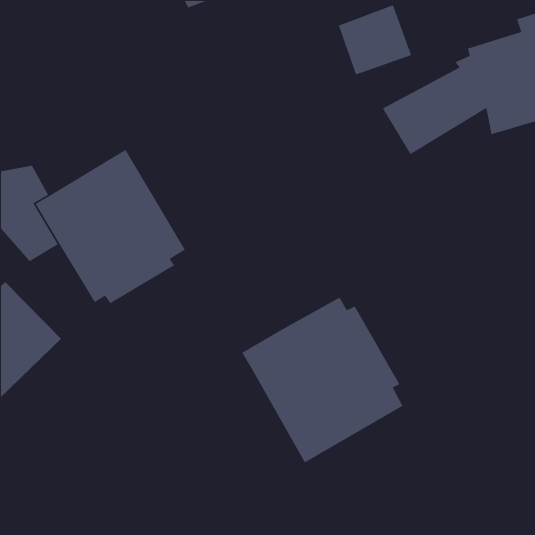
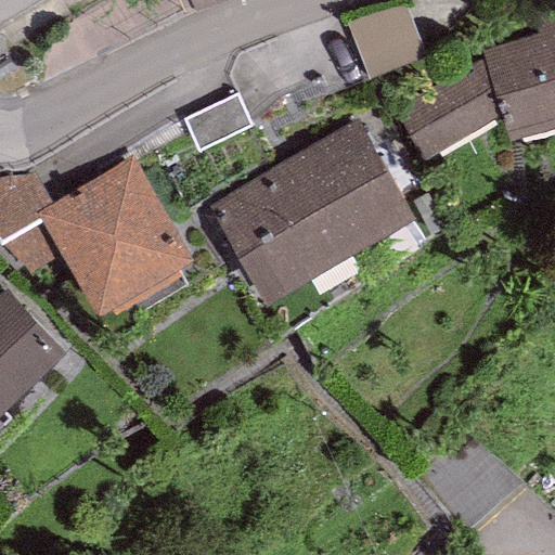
building: none -> [209,121,414,305]
building: [241,296,404,463] -> none

